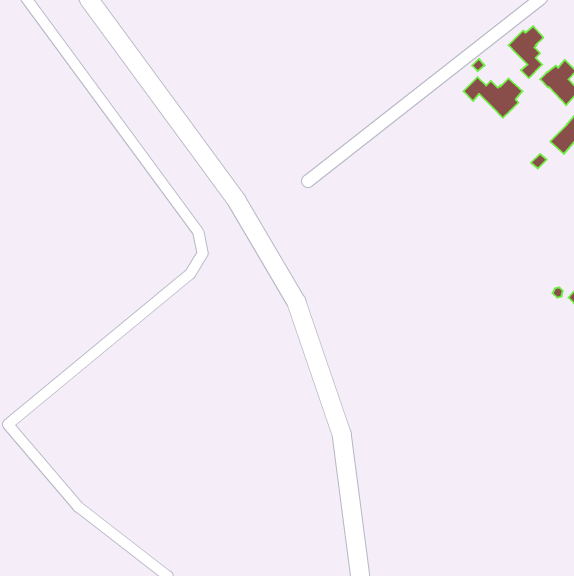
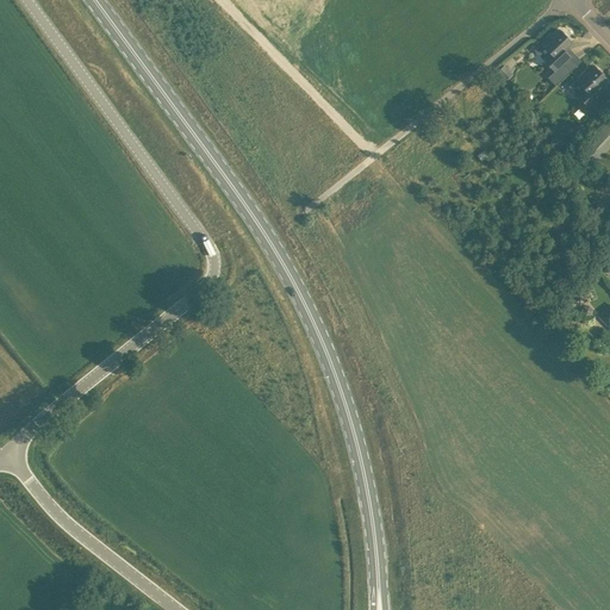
building: [463,77,523,118] -> none

